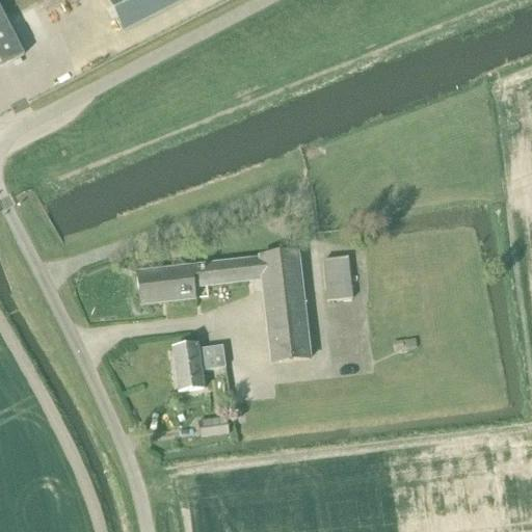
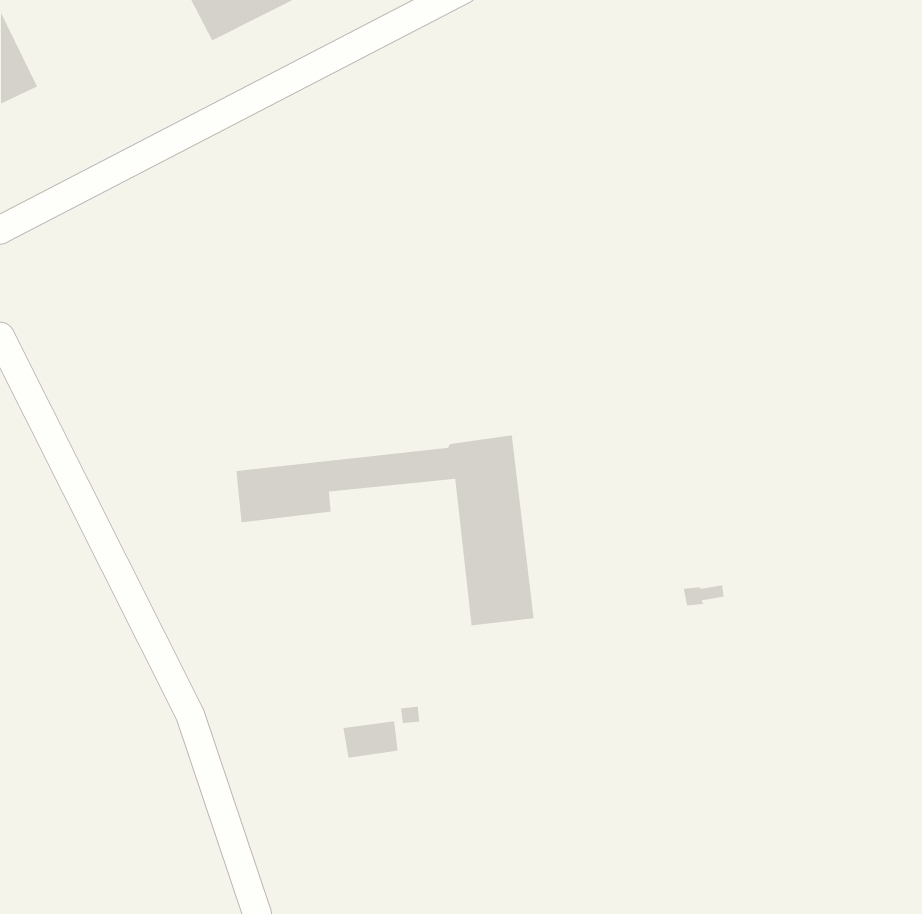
building: [324,255,354,298] -> none
building: [171,342,225,388] -> none

